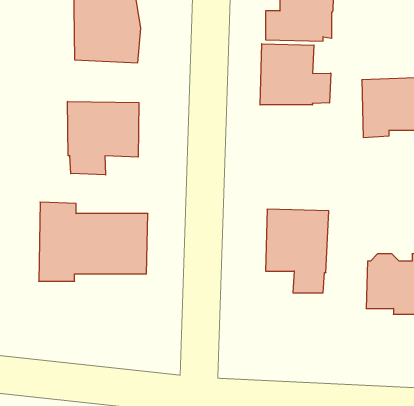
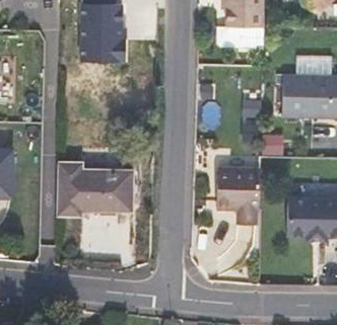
building: [260,44,331,105] -> none
building: [68,101,139,175] -> none

